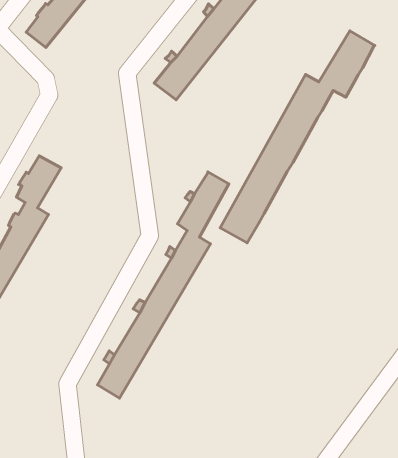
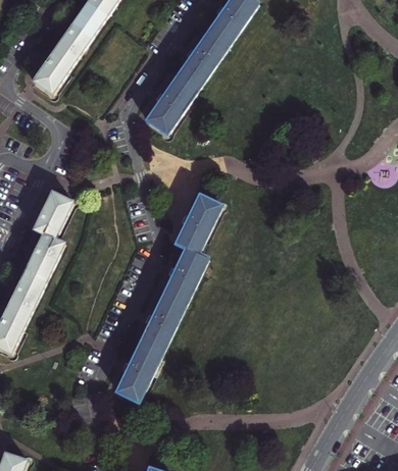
building: [220,31,375,243] -> none

